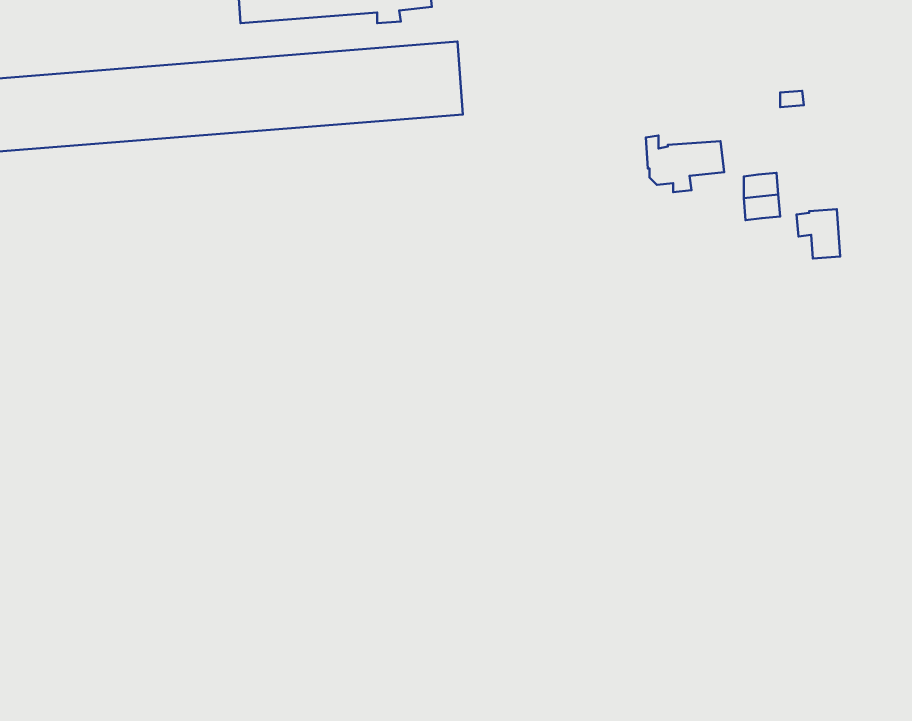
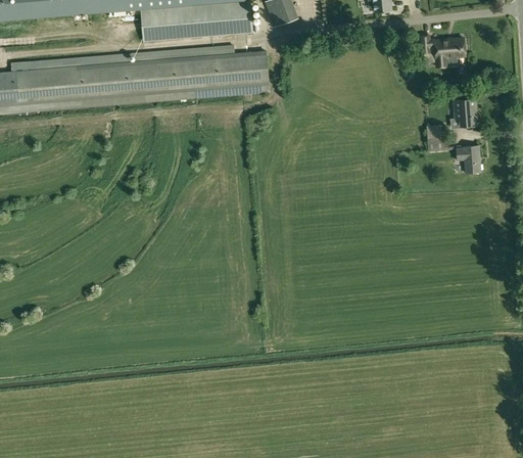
building: none -> [451,95,476,123]
building: [646,136,724,192] -> [420,32,464,63]

